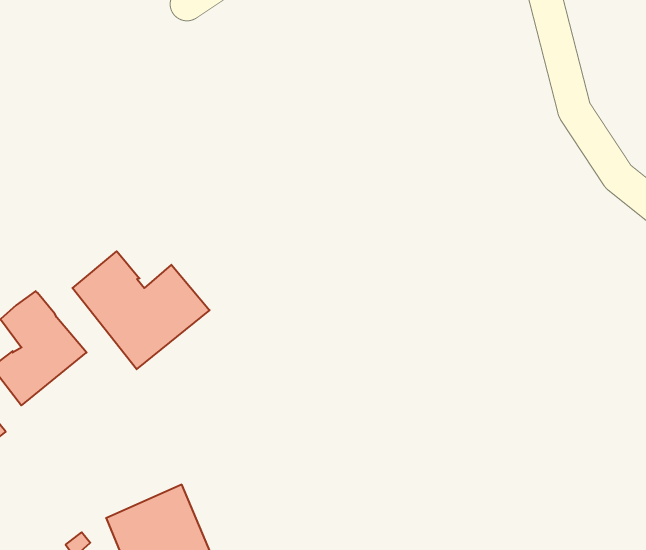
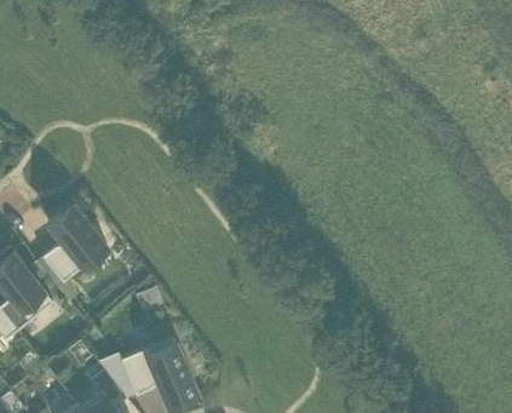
building: [72,251,210,369] -> none

